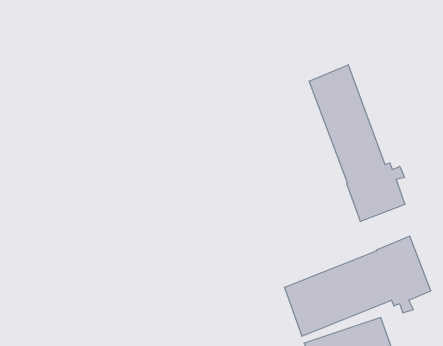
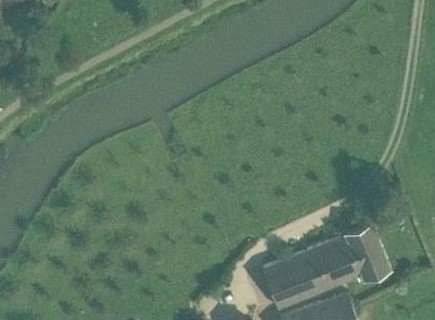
building: [309,65,405,222] -> none

